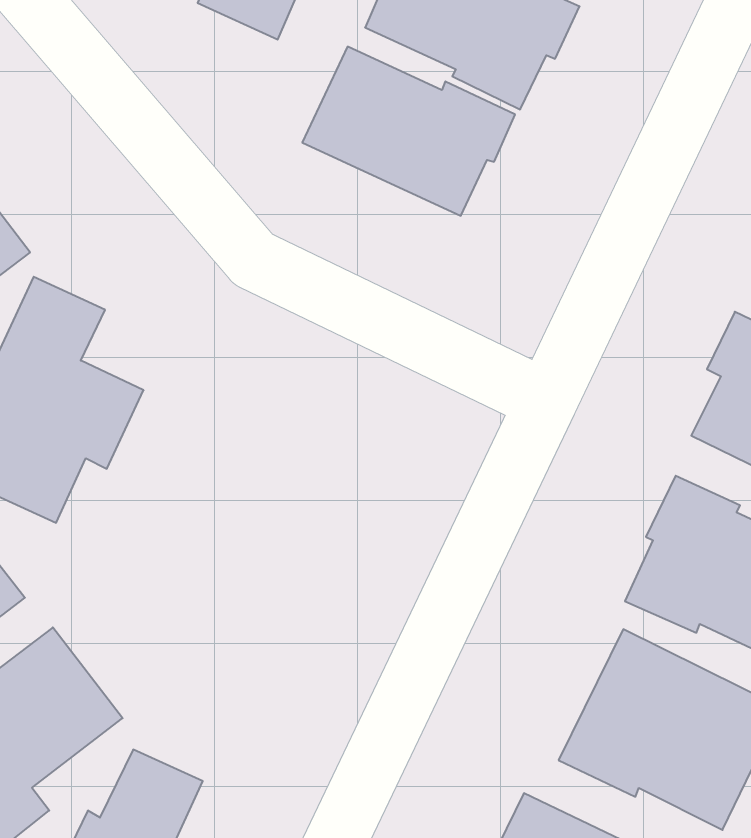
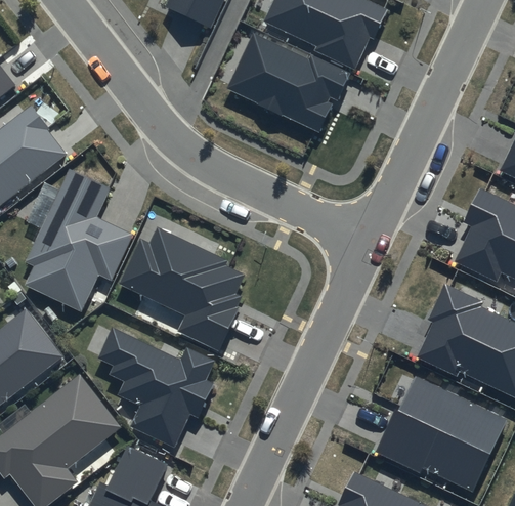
building: none -> [118,226,246,350]
building: none -> [99,329,216,449]

